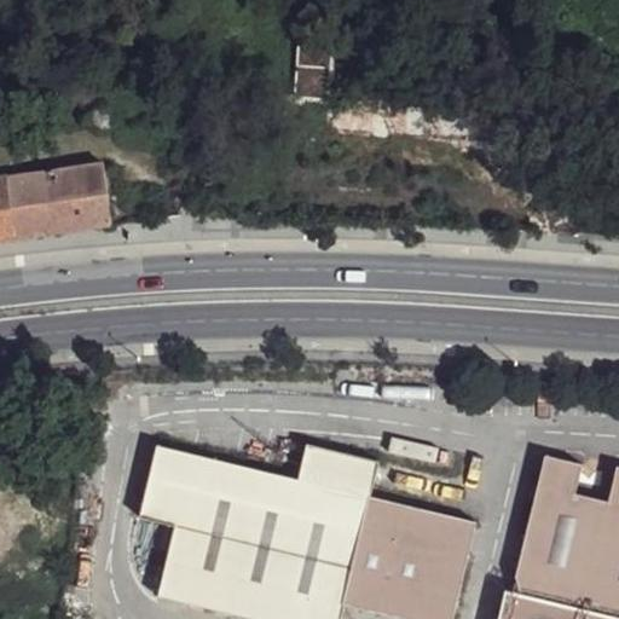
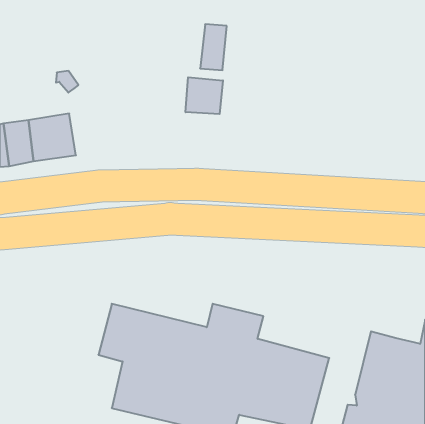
building: none -> [186,77,223,114]
building: [538,455,582,493] -> none

